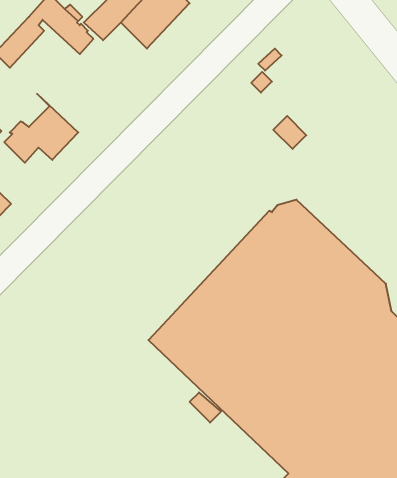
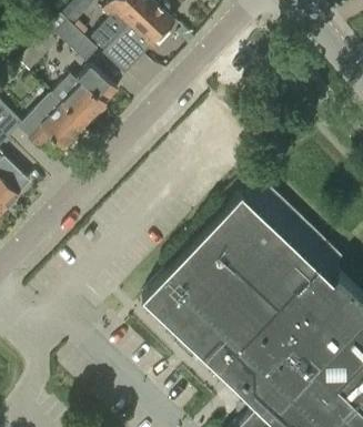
building: none -> [102,37,140,74]
building: none -> [51,65,118,125]

